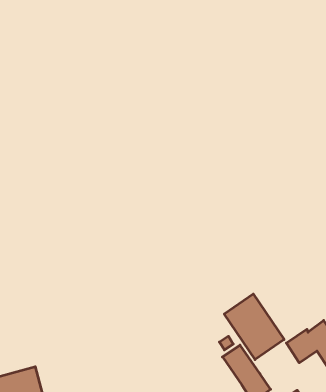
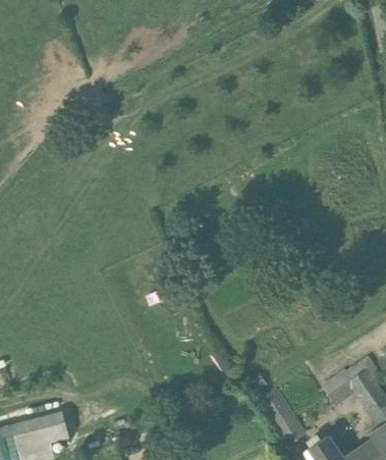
building: [224,294,284,360] -> none

